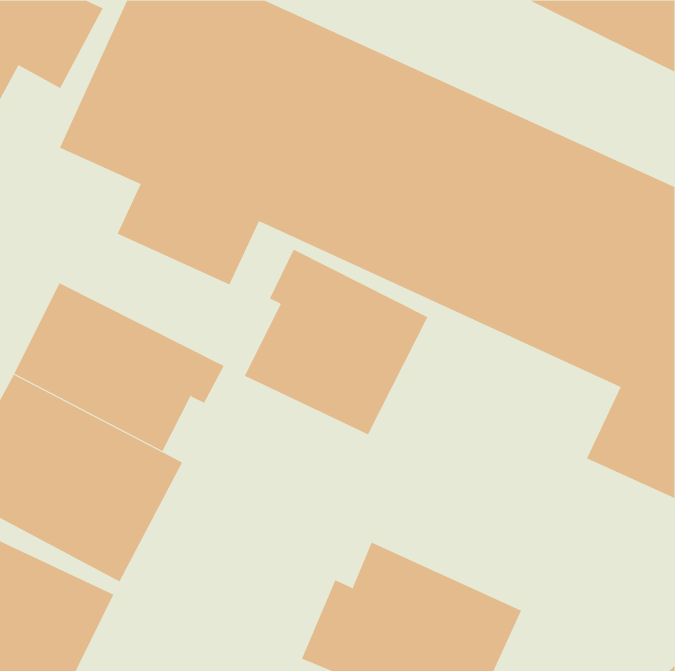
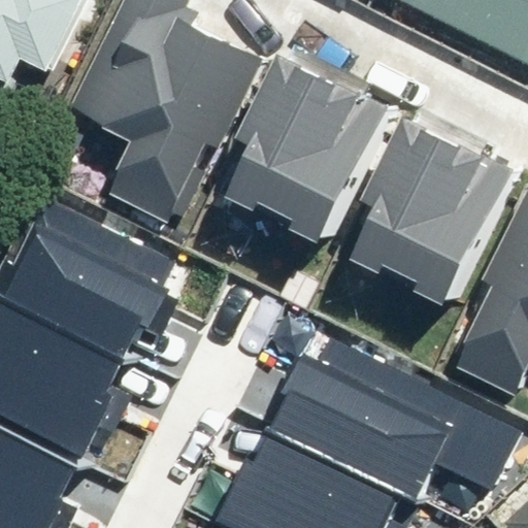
building: [244,249,428,435] -> none
building: none -> [285,338,512,494]

